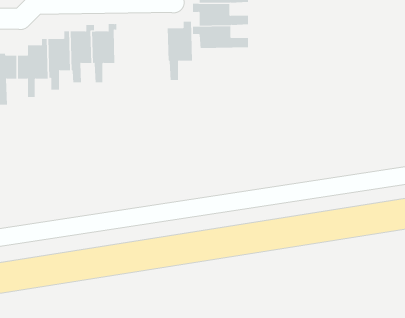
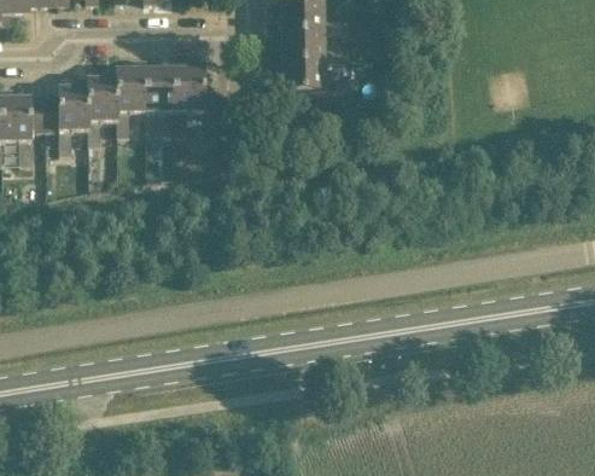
building: [167,21,193,81] -> [171,58,205,135]

